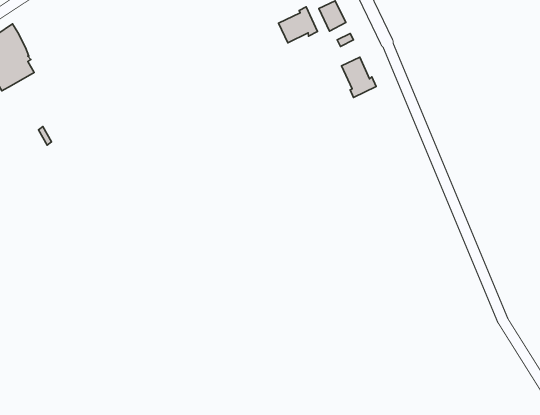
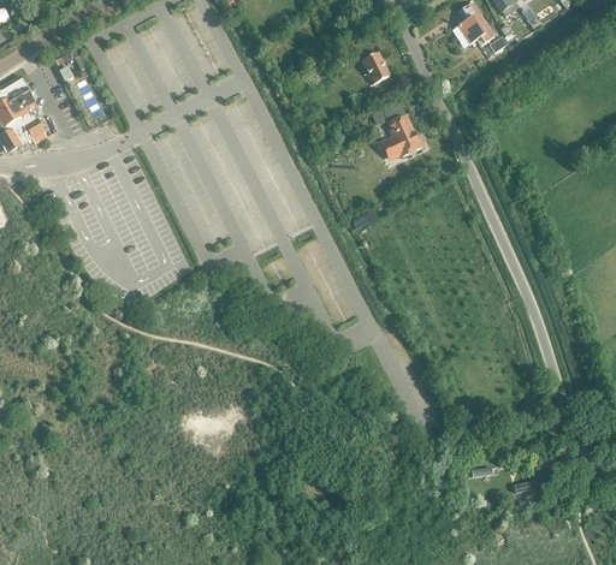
building: [279,7,318,43] -> none

